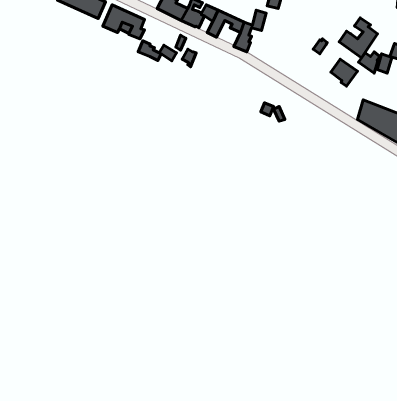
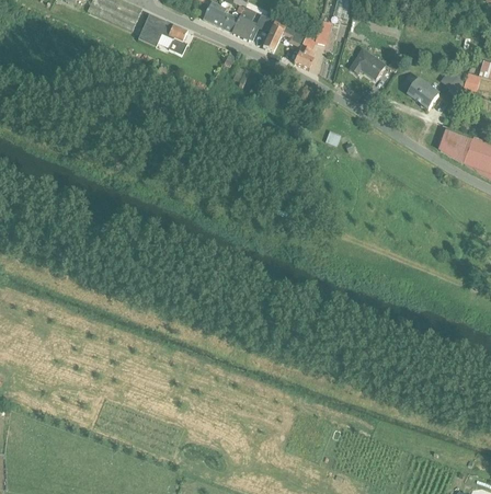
building: [339,18,378,58] -> none
building: none -> [349,47,386,79]
building: [138,41,176,61] -> none

